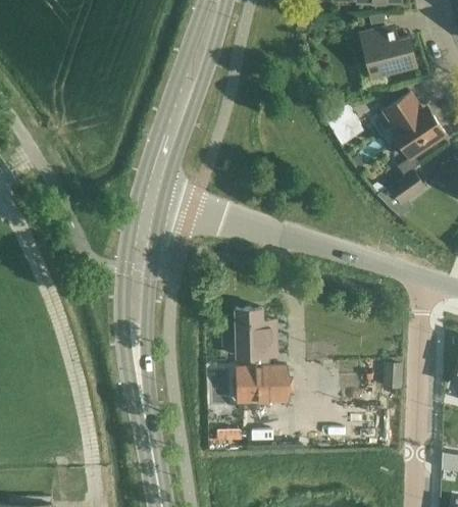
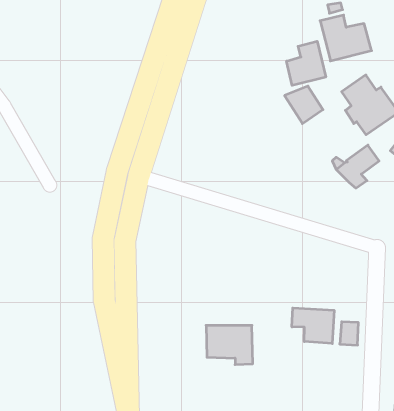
building: none -> [287,41,326,85]
building: [235,308,277,358] -> none
building: none -> [292,308,334,344]

